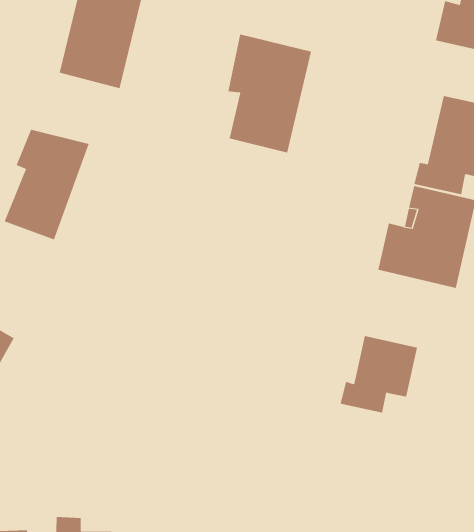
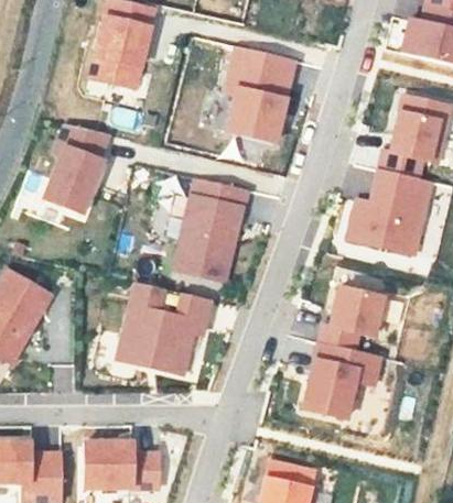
building: none -> [175,178,249,281]
building: none -> [122,282,212,375]
building: none -> [303,349,380,424]

